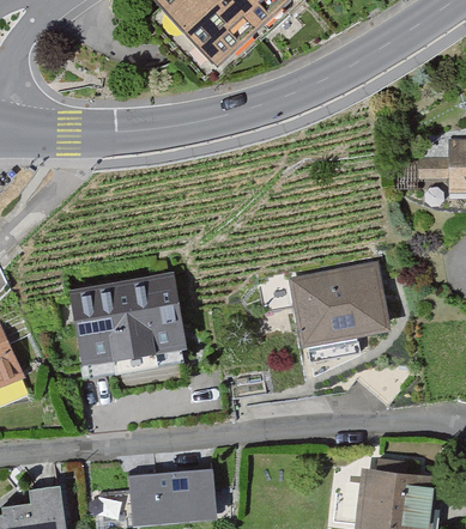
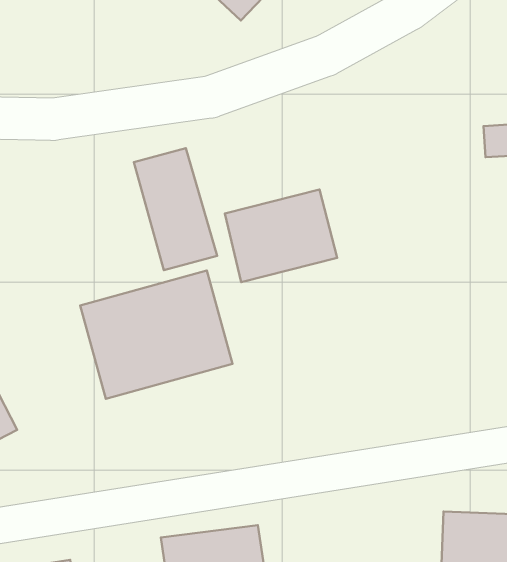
building: none -> [134,148,217,270]
building: [293,269,382,340] -> [225,189,337,282]

